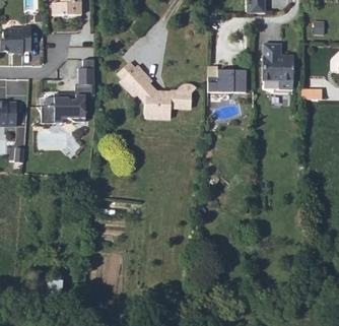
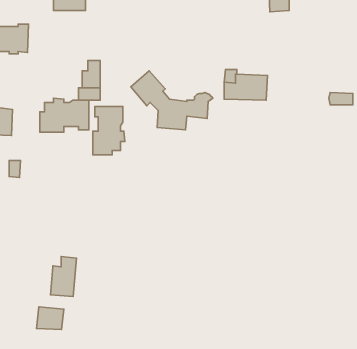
building: [261,45,292,90] -> none
building: none -> [93,107,125,155]
building: none -> [51,256,77,297]

